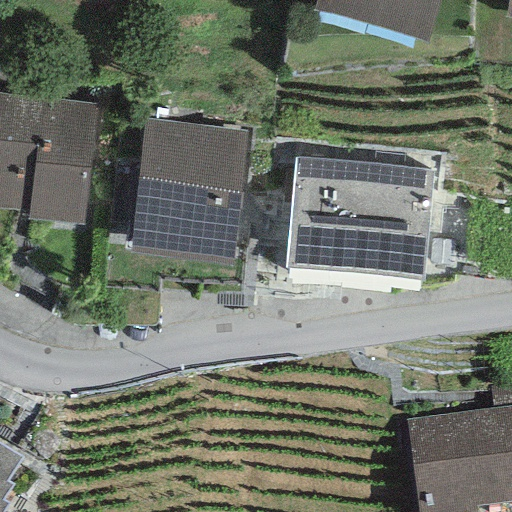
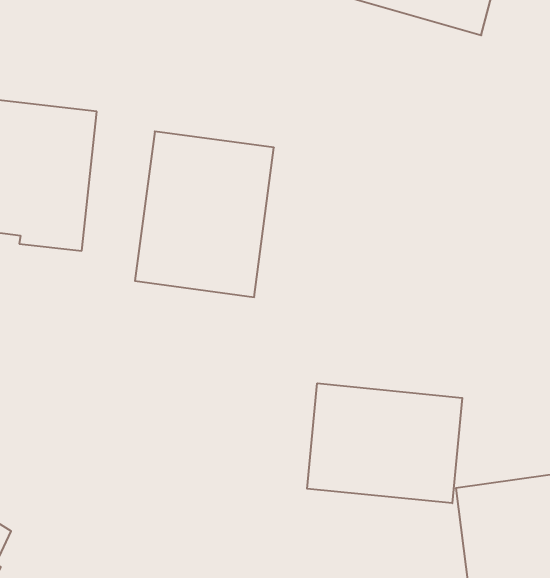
building: [285,157,434,275] -> none
building: none -> [307,383,462,503]

